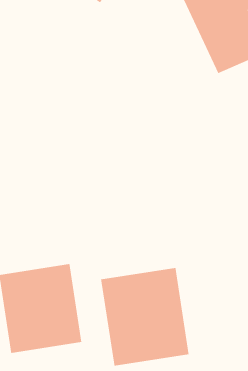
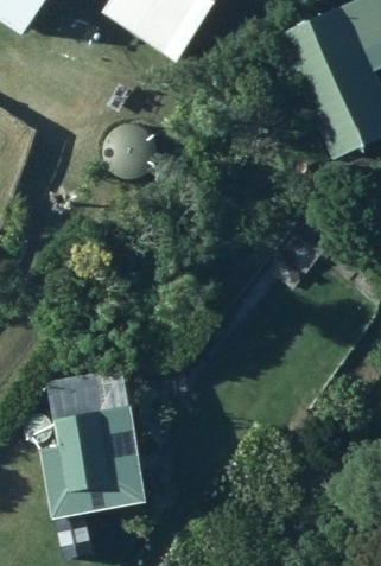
building: [101,267,189,366] -> none

